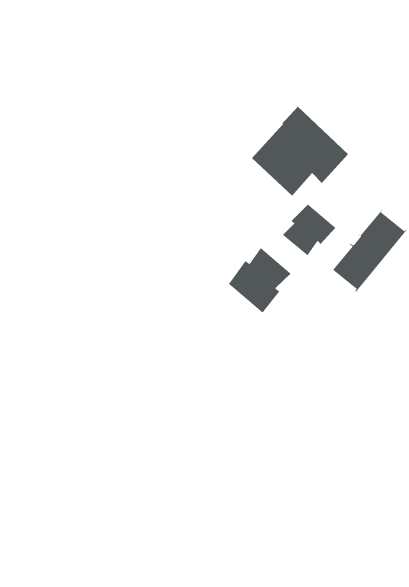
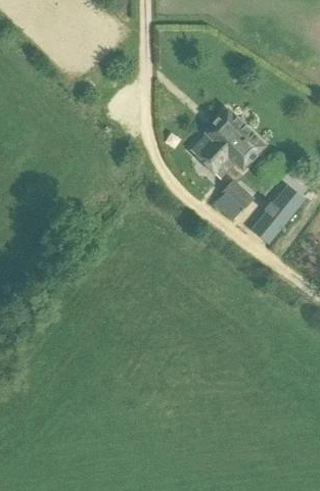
building: [228,247,291,313] -> none

